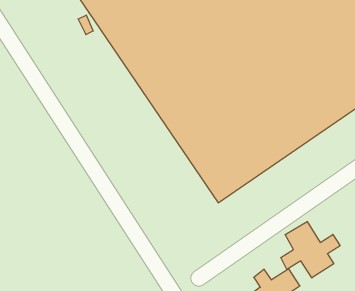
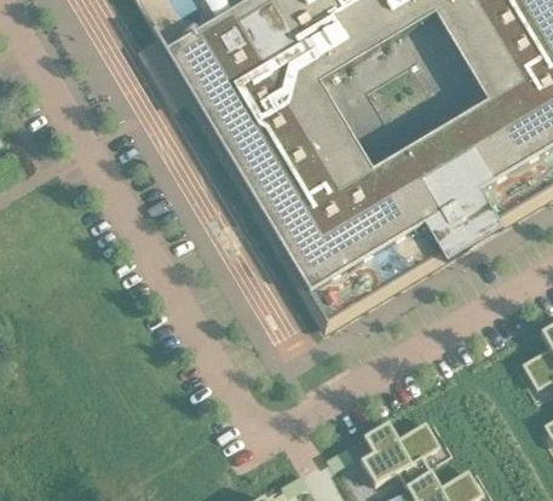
building: [281,222,340,278] -> none

